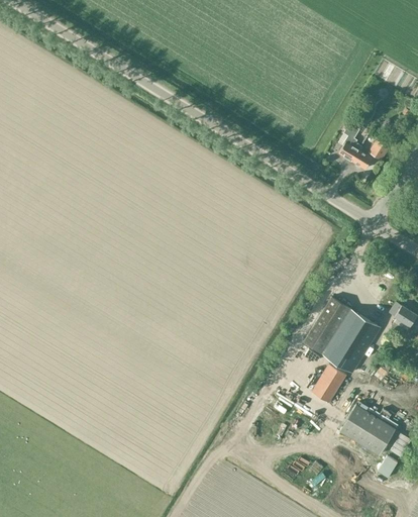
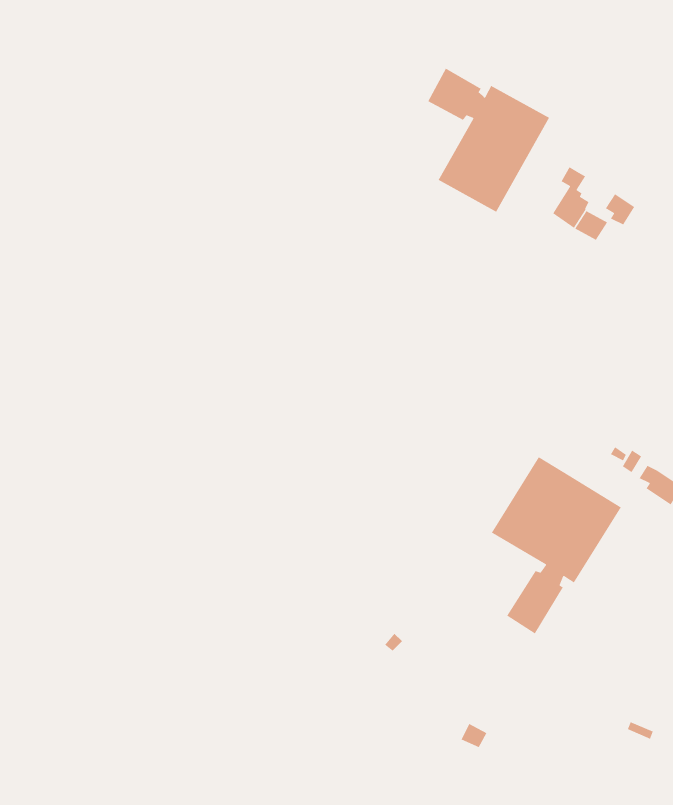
building: none -> [427,68,550,213]
building: [339,406,395,457] -> none

